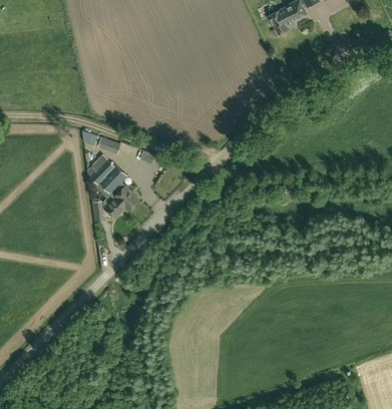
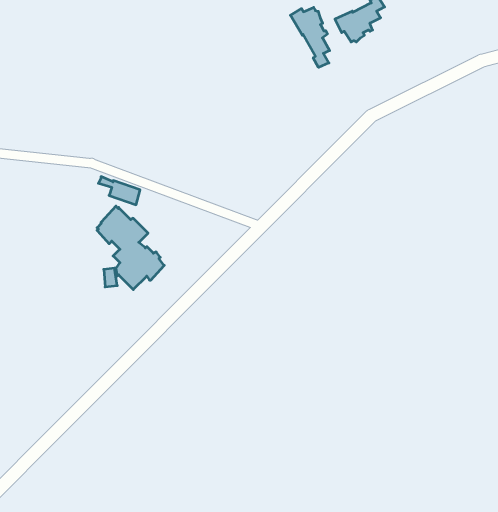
building: none -> [290,7,330,67]

